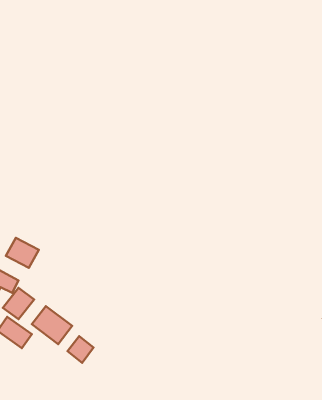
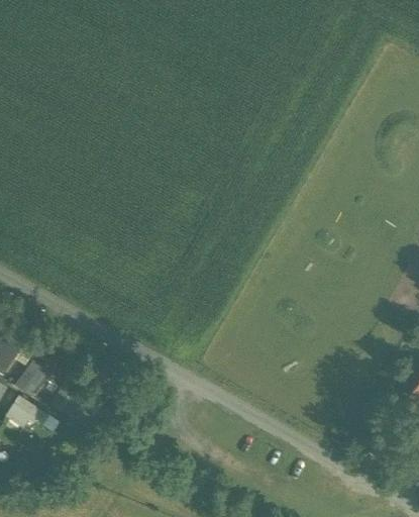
building: [6,238,39,268] -> none
building: [68,336,94,363] -> none

